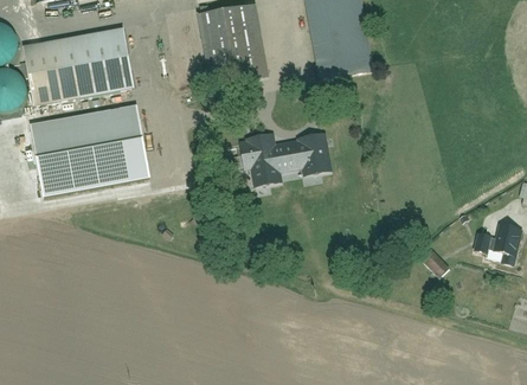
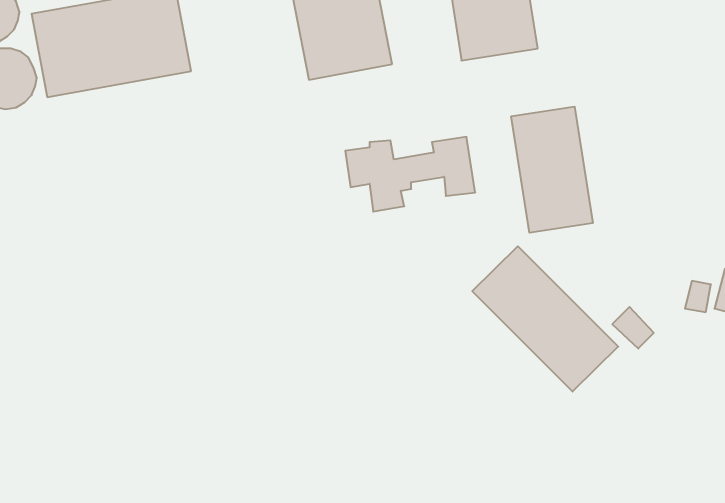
building: [26,105,148,197] -> none
building: none -> [511,107,593,233]
building: none -> [472,246,618,392]

